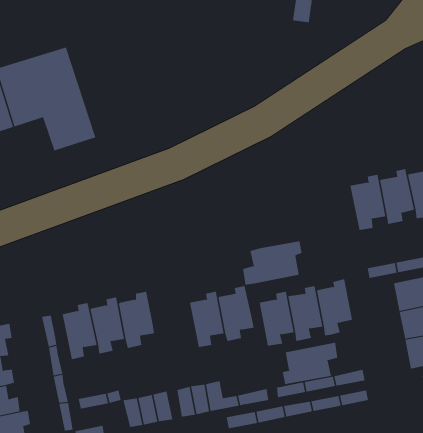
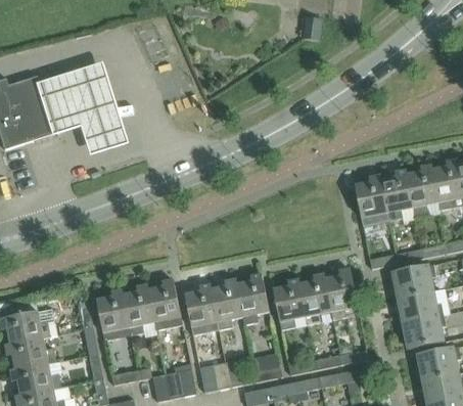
building: [243,240,306,285] -> none
building: none -> [184,284,219,334]
building: [282,342,338,385] -> none

